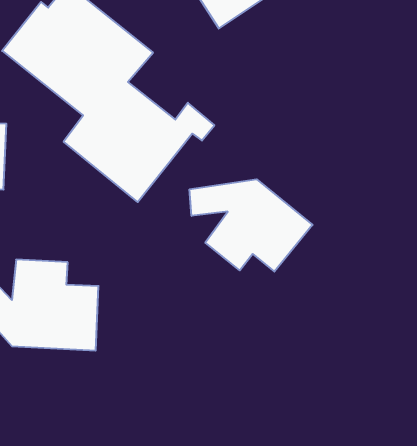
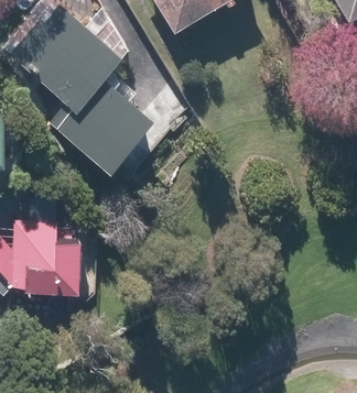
building: [190,179,313,272] -> none

